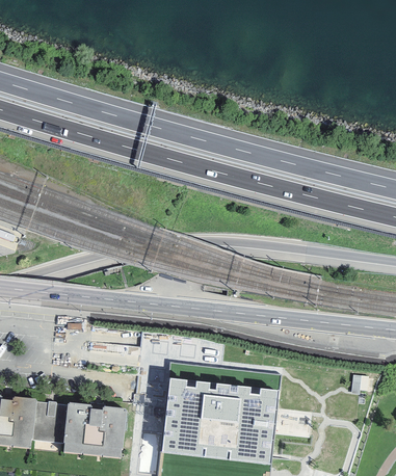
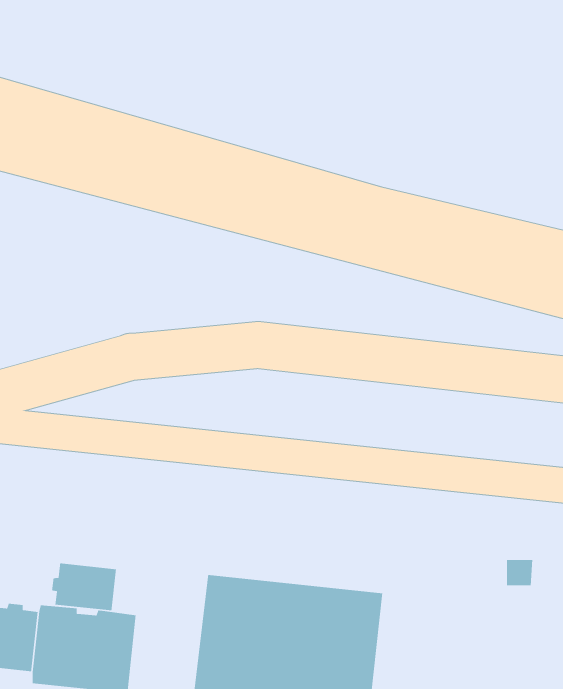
building: none -> [51,563,117,611]

